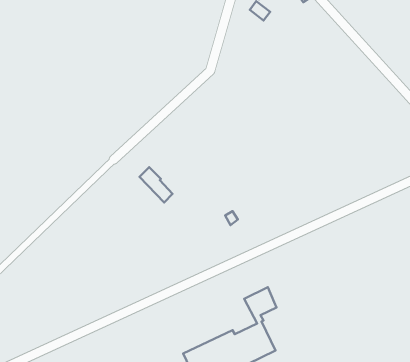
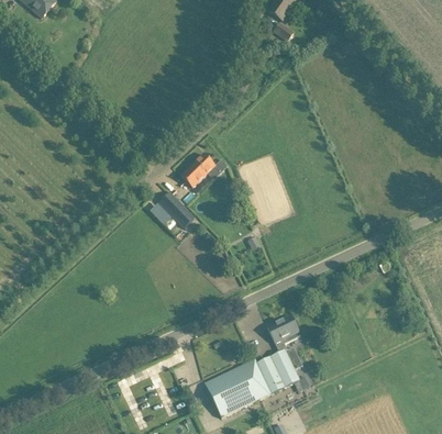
building: none -> [181,153,216,187]

